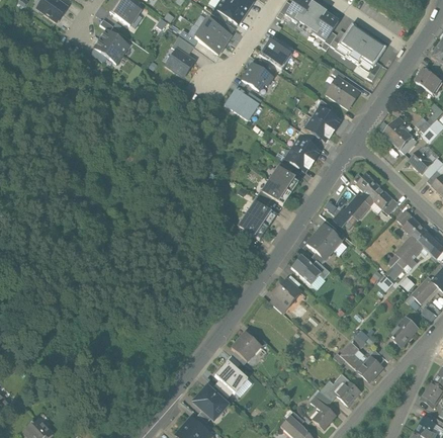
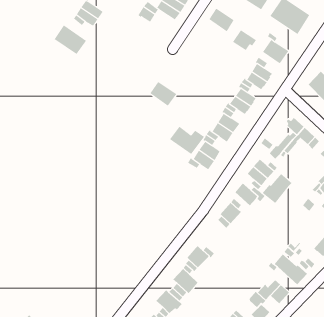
building: [166,49,193,75] -> none
building: none -> [54,25,87,55]
building: [242,63,272,89] -> [232,29,257,51]
building: [225,88,259,119] -> [150,81,177,106]
building: none -> [169,126,205,155]
building: none -> [262,173,292,204]

